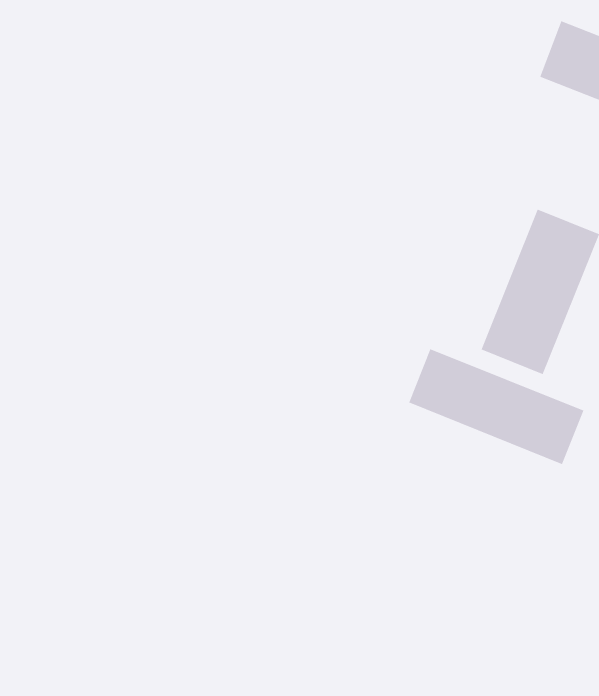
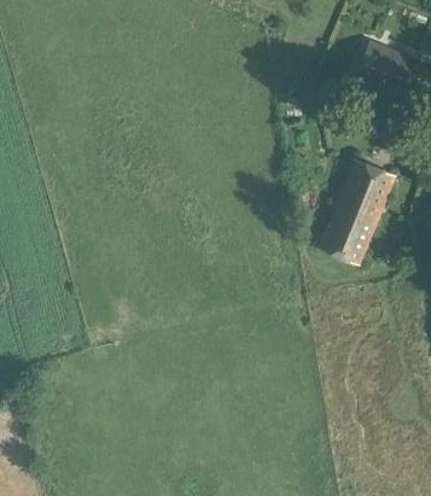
building: [408,348,584,465] -> none

